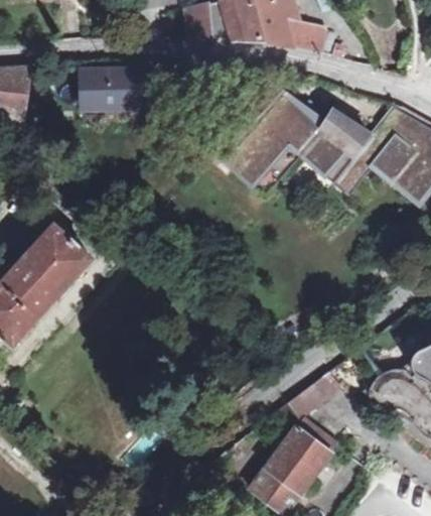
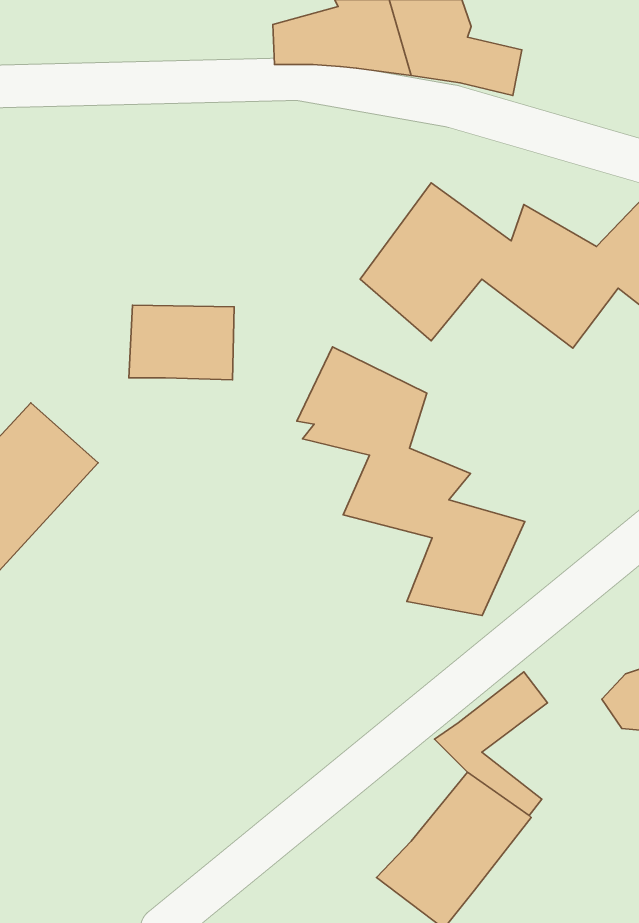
building: [74,64,132,106] -> [129,305,234,380]
building: none -> [297,347,525,616]

